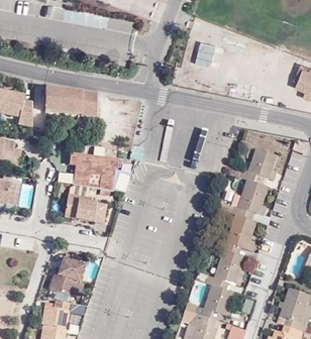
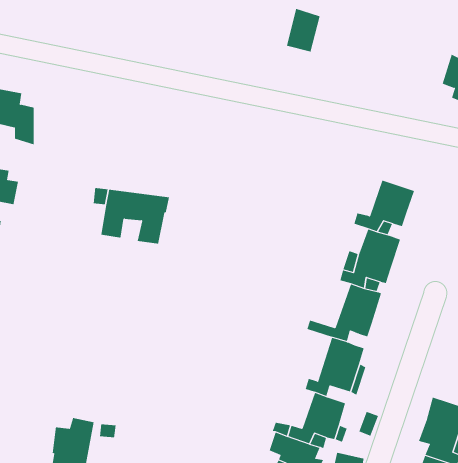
building: [45,89,97,117] -> none
building: [70,195,110,223] -> none
building: [50,258,85,295] -> none

